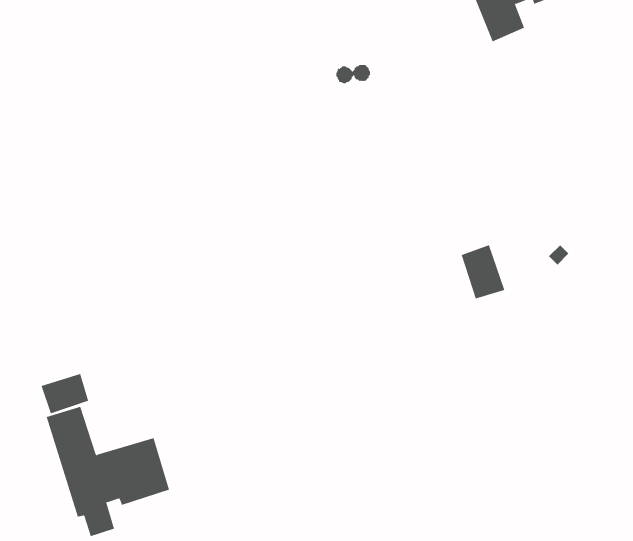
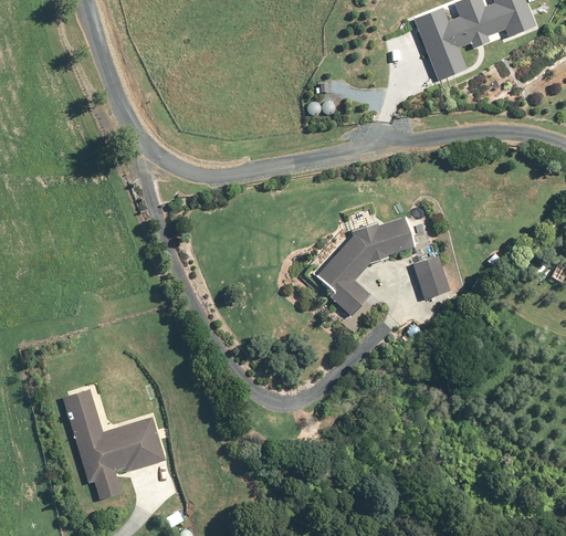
building: none -> [315,216,413,316]
building: [41,373,89,414] -> none

